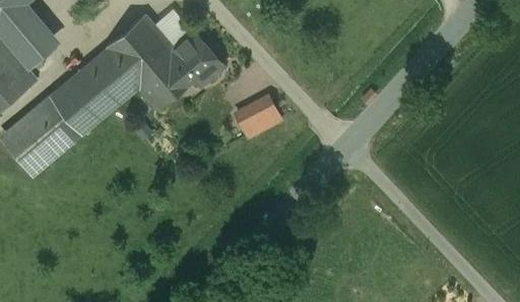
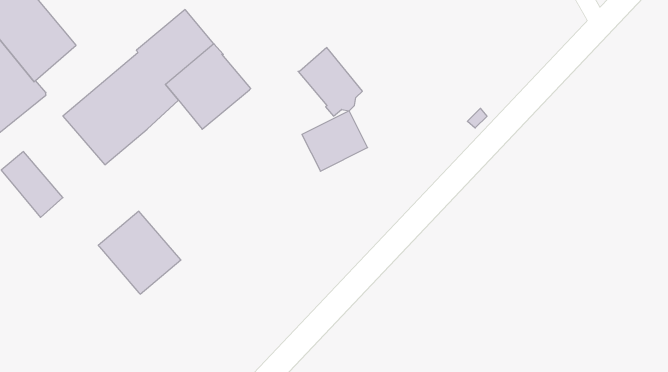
building: [172,32,221,84] -> [298,48,362,116]
building: [17,98,81,162] -> [98,211,181,294]

